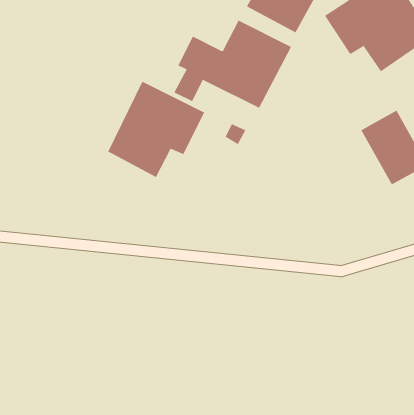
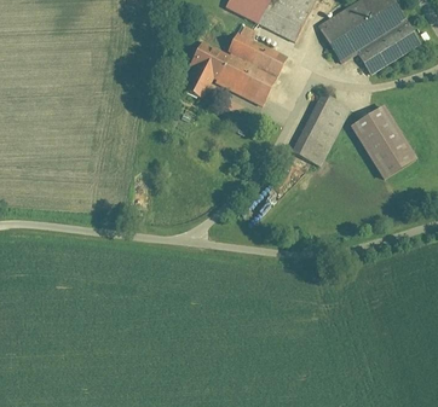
building: [107,81,205,178] -> none
building: none -> [287,91,353,168]

